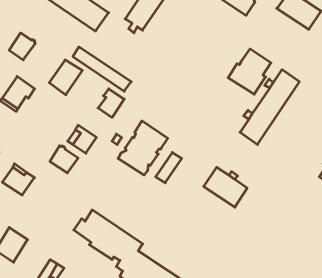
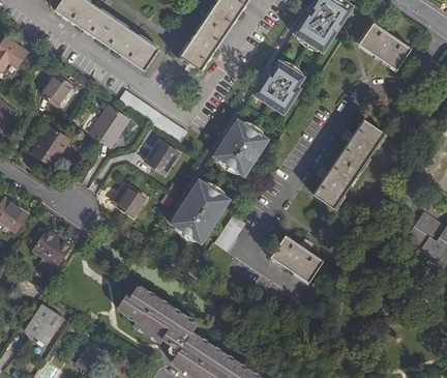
building: [228,49,271,94] -> [254,60,304,114]
building: none -> [214,118,269,175]
building: [50,146,78,173] -> none

